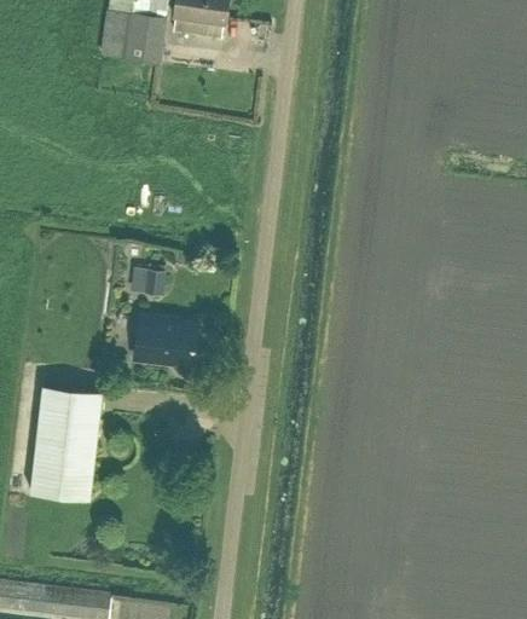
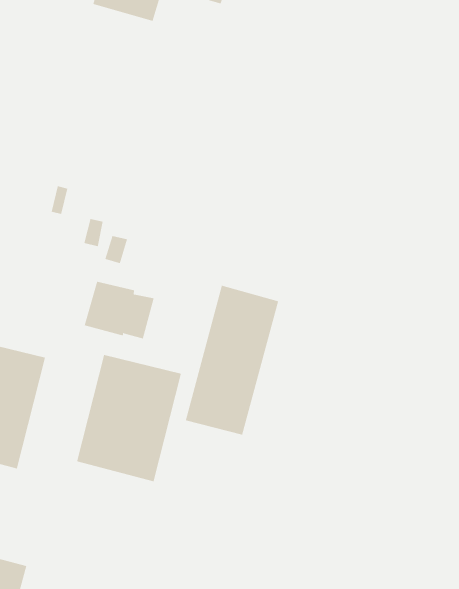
building: none -> [185,285,279,436]
building: none -> [77,354,182,482]

